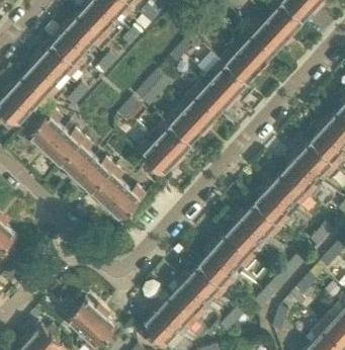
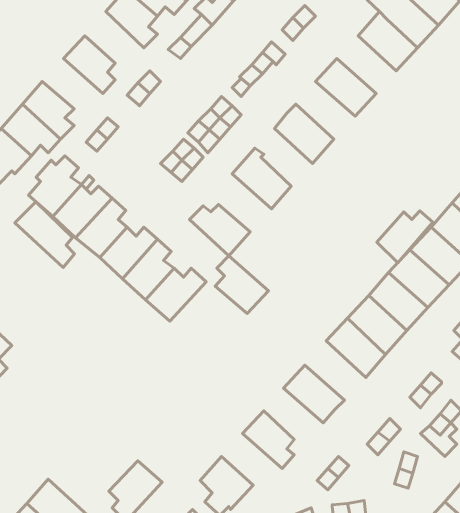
building: [65,14,104,49] -> none
building: [233,30,272,69] -> none
building: [36,46,77,79] -> none
building: [205,61,245,99] -> none
building: [182,92,217,130] -> none
building: [154,122,189,161] -> [215,256,268,314]
building: none -> [15,202,75,267]
building: none -> [377,211,433,263]
building: [211,234,252,273] -> none
building: [184,265,224,299] -> none
building: [156,295,196,335] -> none
building: [61,298,100,334] -> none

